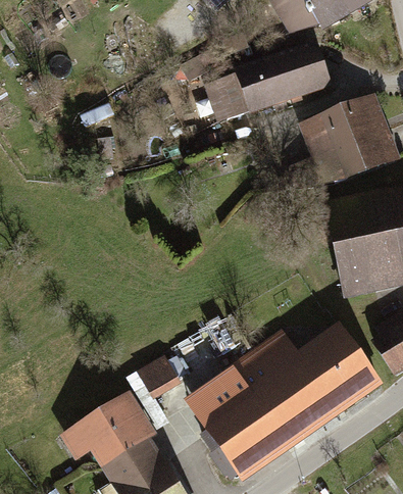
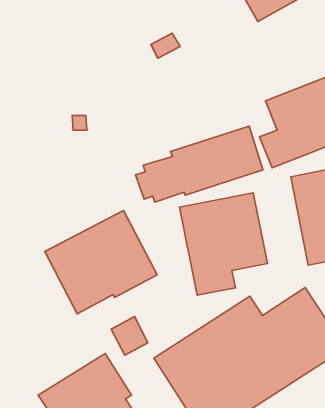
building: [198,42,332,121] -> [136,126,263,202]
building: none -> [179,193,268,295]
building: none -> [45,211,157,314]

